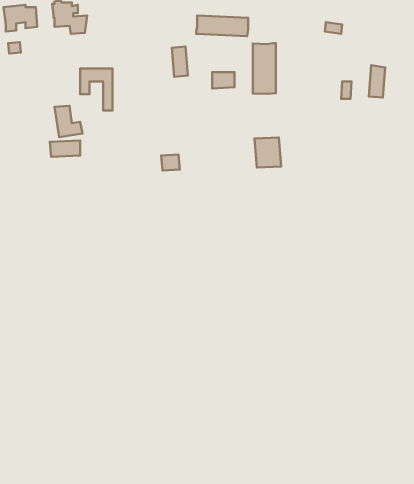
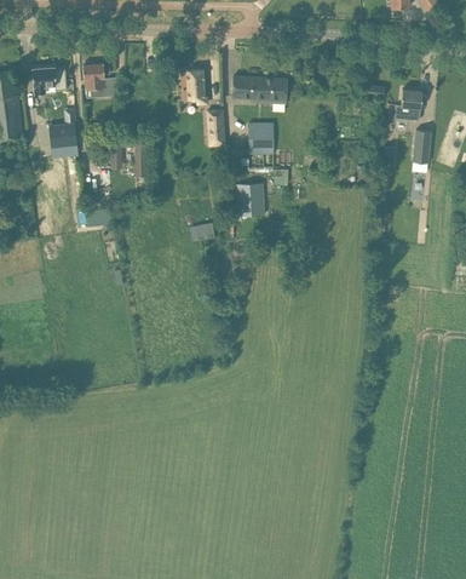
building: none -> [182,71,207,104]
building: none -> [393,88,421,120]
building: [253,43,276,94] -> none
building: none -> [48,122,77,155]
building: [255,137,281,168] -> [236,183,264,214]

